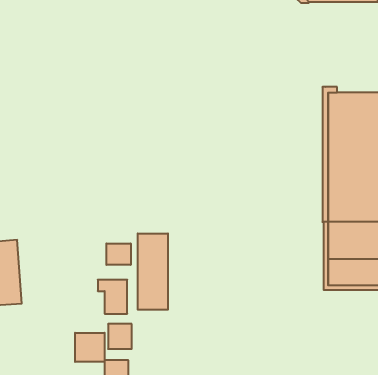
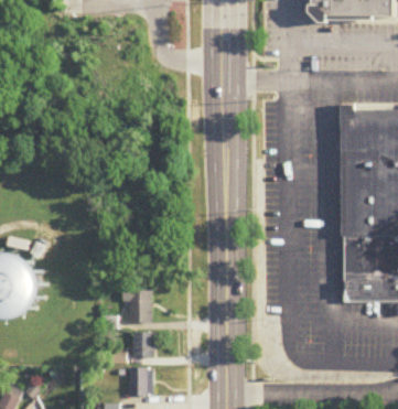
building: [138,233,168,310] -> none
building: [106,243,131,265] -> none
building: [75,333,105,362] -> none

